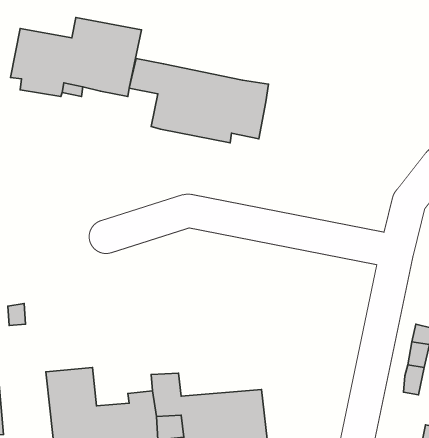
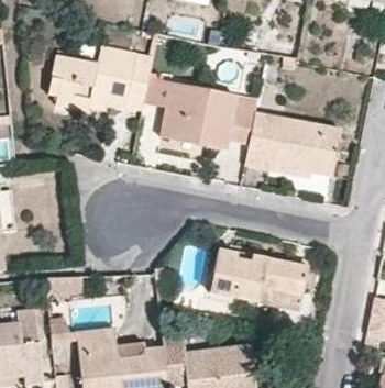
building: none -> [243,113,340,174]
building: none -> [209,248,306,309]

